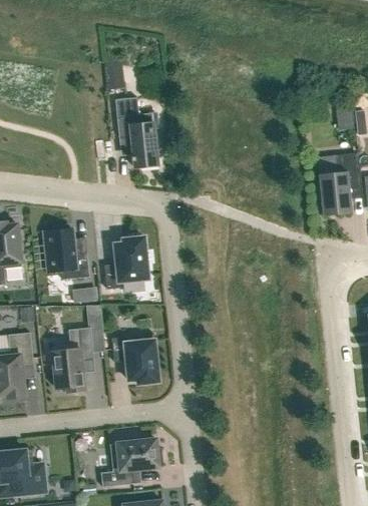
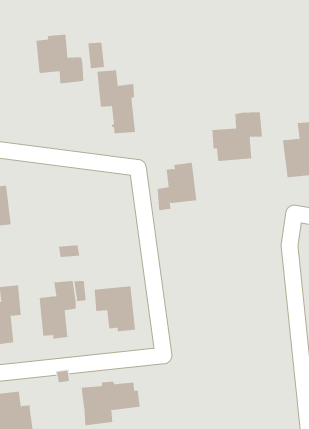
building: none -> [36,34,84,84]
building: none -> [212,111,263,162]
building: [44,225,89,280] -> none
building: [104,236,148,290] -> [157,162,197,211]

